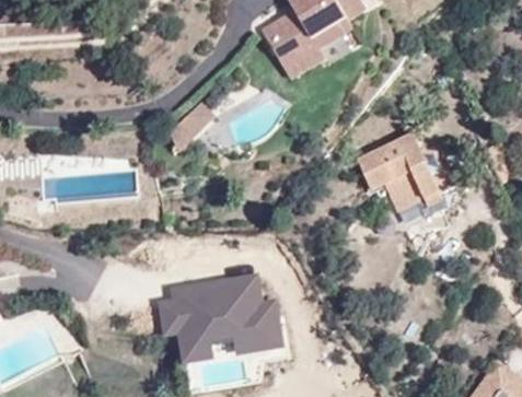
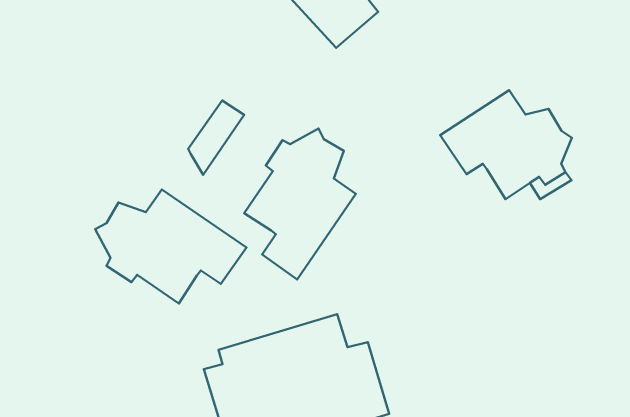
building: none -> [244,128,356,279]
building: none -> [95,189,247,303]

